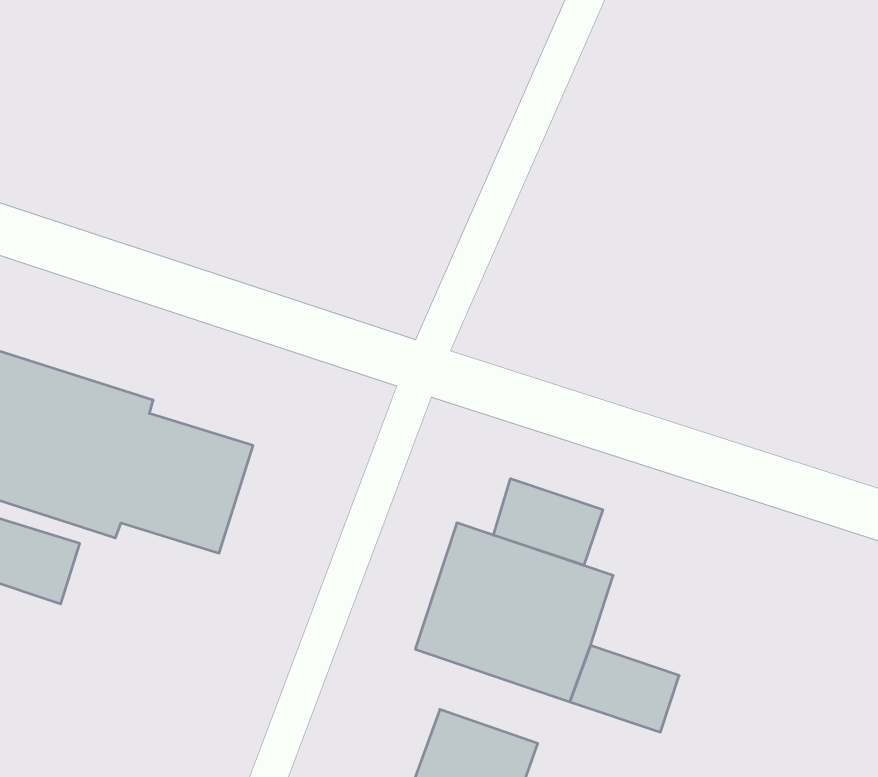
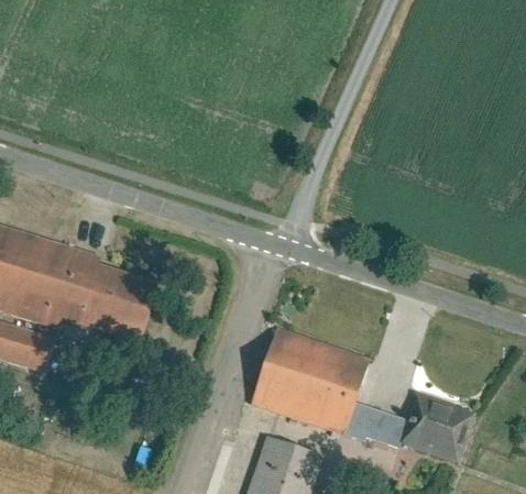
building: [493,479,603,565] -> none
building: none -> [399,395,472,463]

